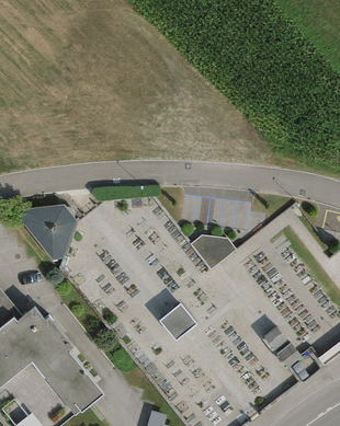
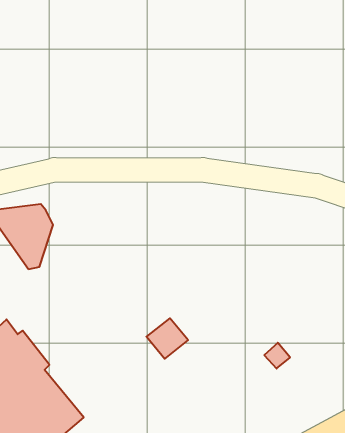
building: [188,233,236,269] -> none

